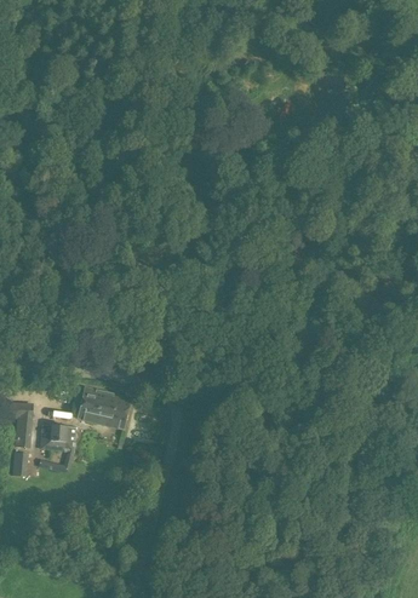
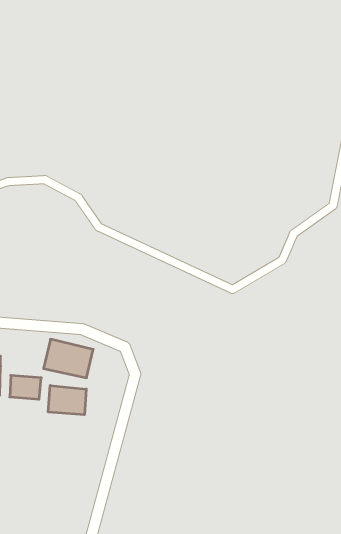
building: none -> [48,385,86,415]

